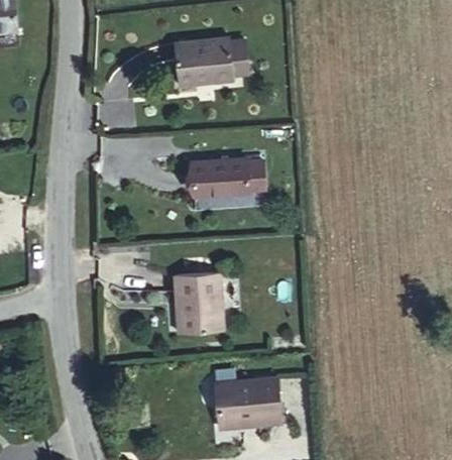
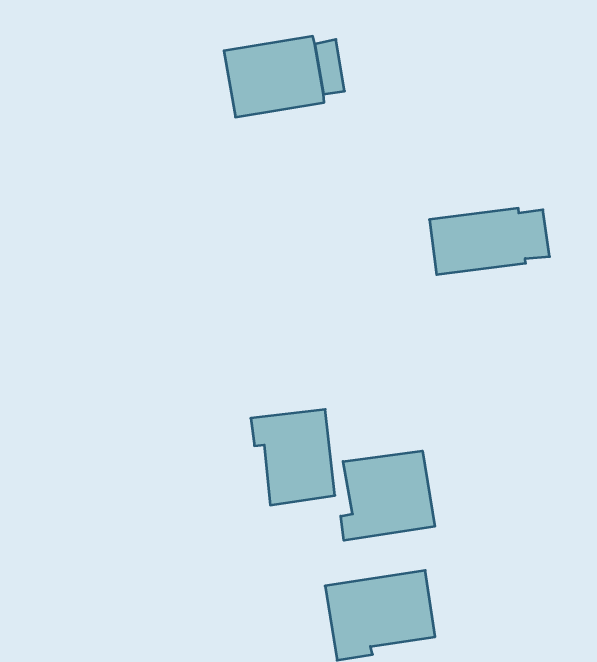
building: [193,158,265,196] -> [429,208,550,275]
building: none -> [341,451,435,540]

